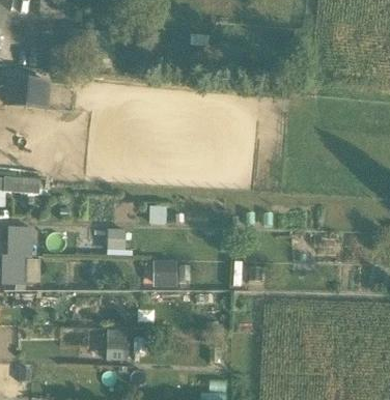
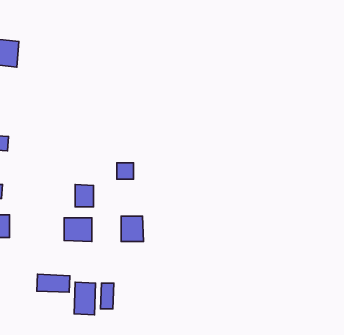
building: none -> [64,218,92,241]
building: none -> [37,274,70,292]

